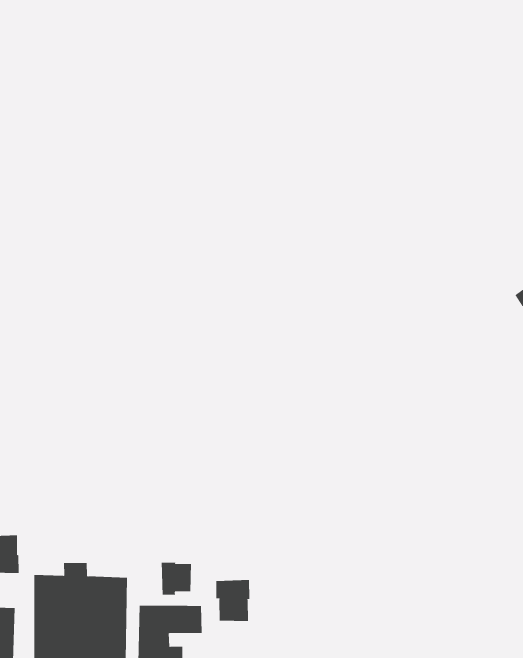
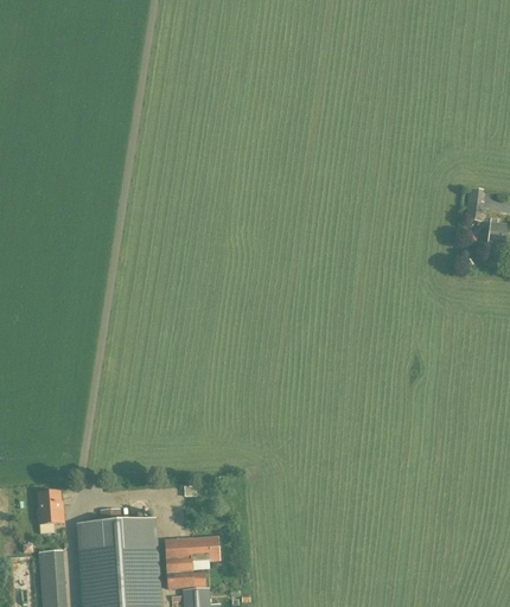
building: [161,562,191,595] -> none
building: [216,579,250,622] -> none

